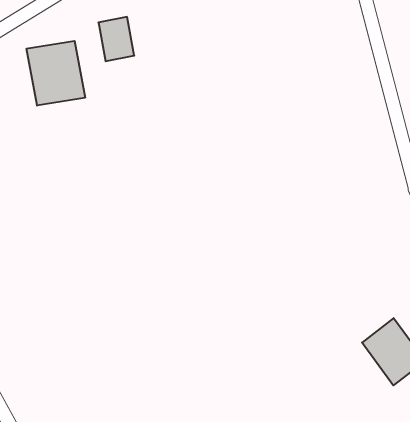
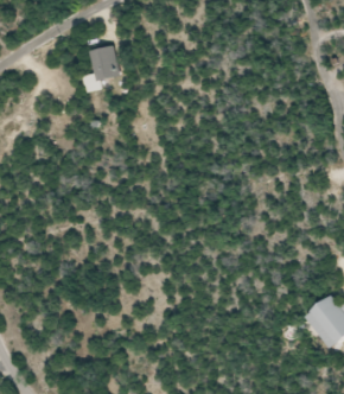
building: [27,41,85,106] -> none

